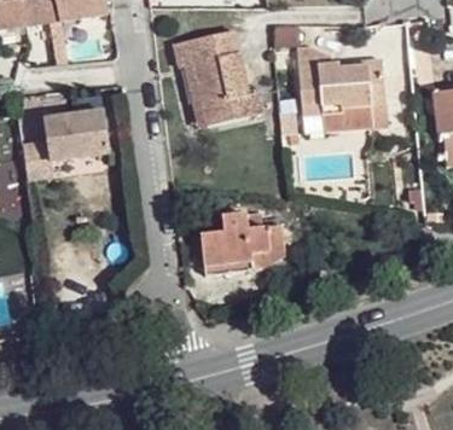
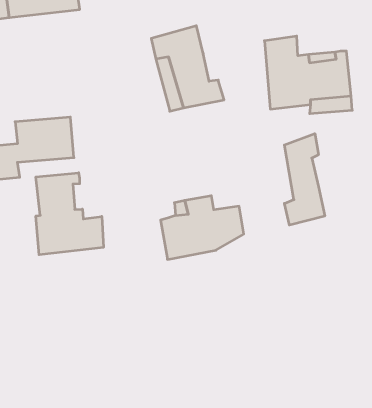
building: none -> [284,134,325,225]
building: none -> [36,173,103,255]

